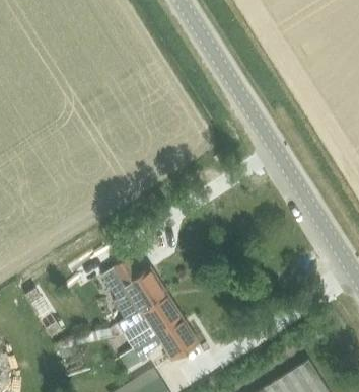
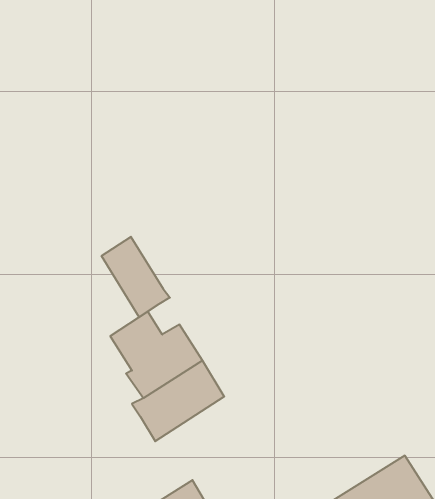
building: none -> [102,237,170,317]
building: [132,319,197,361] -> none

